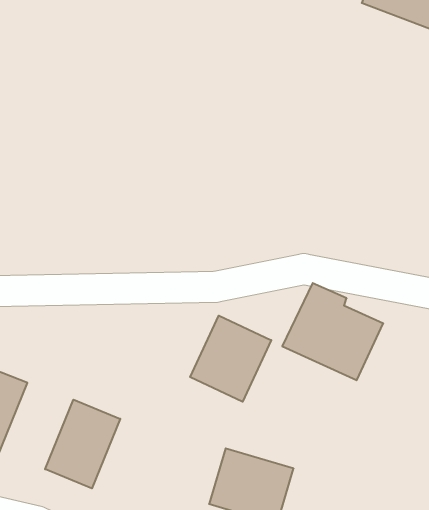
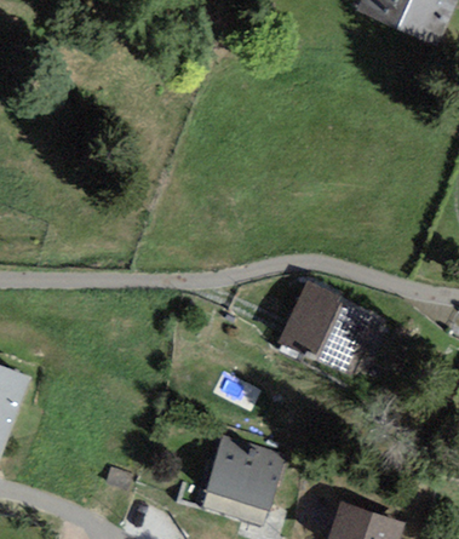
building: [190,316,271,402] -> none
building: [45,400,120,488] -> none

